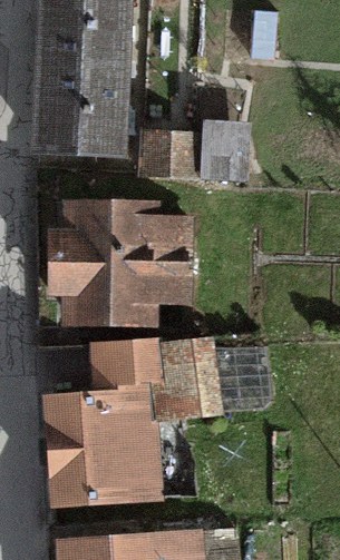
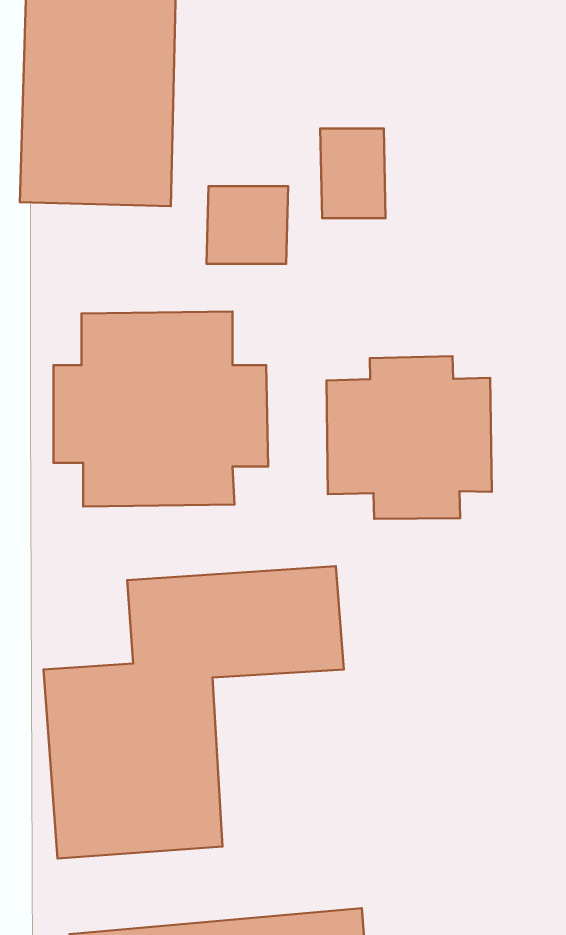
building: none -> [326,356,492,519]

